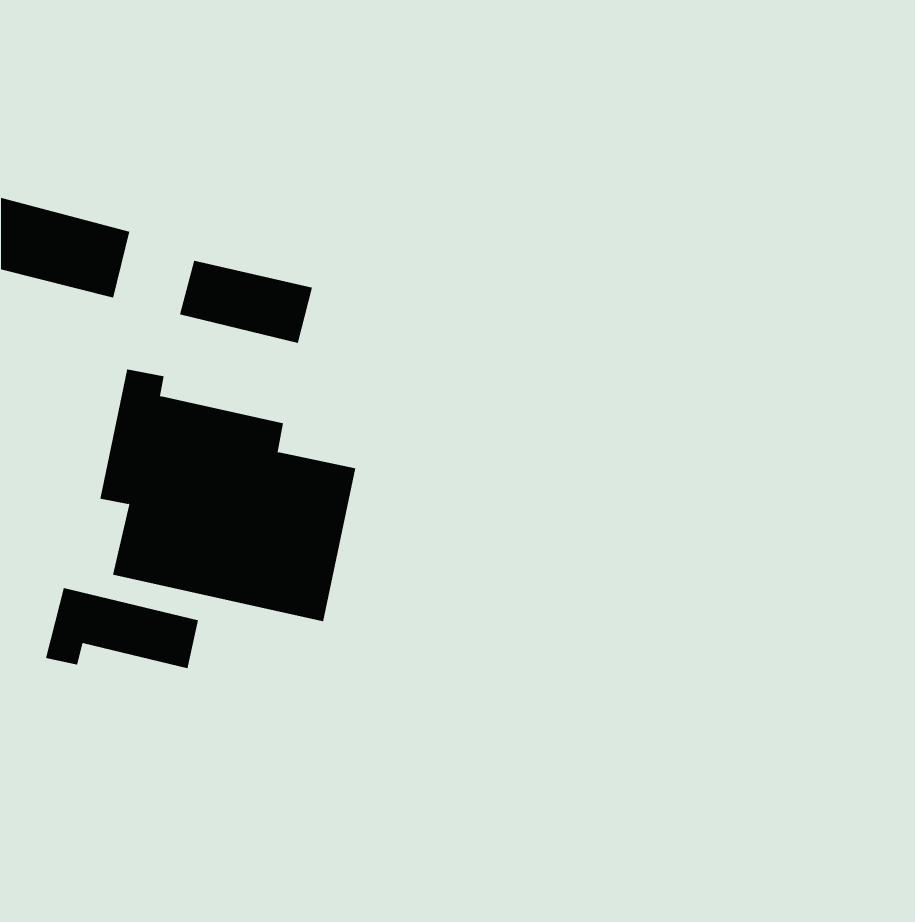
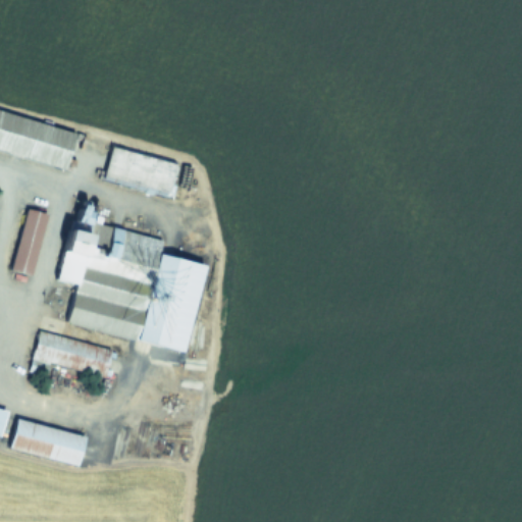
building: none -> [13,210,50,277]
building: none -> [11,419,88,466]

